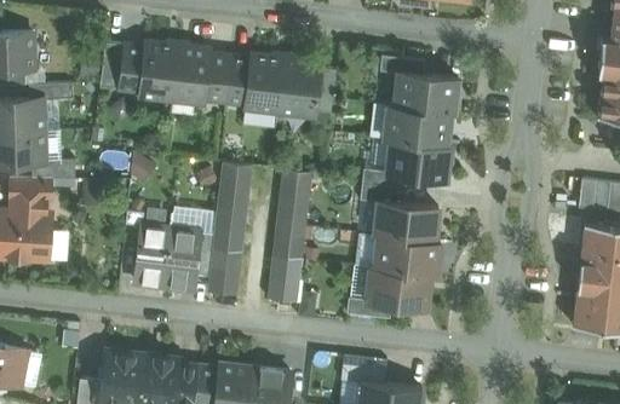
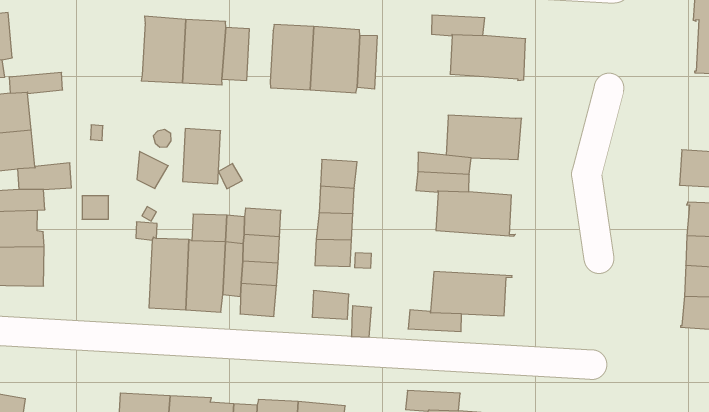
building: [99,42,144,90] -> none
building: [225,57,249,102] -> none
building: [385,103,449,144] -> none
building: [218,161,252,208] -> [183,129,221,184]
building: [371,232,438,273] -> none

